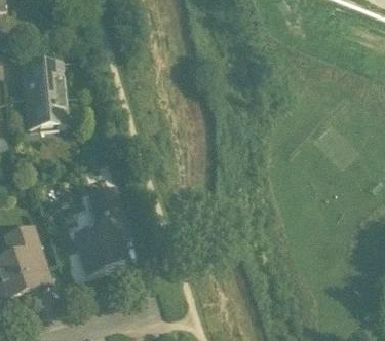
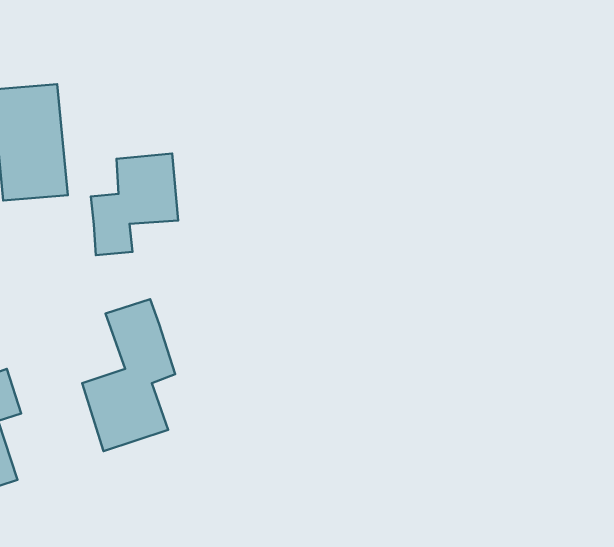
building: none -> [91,153,178,255]

